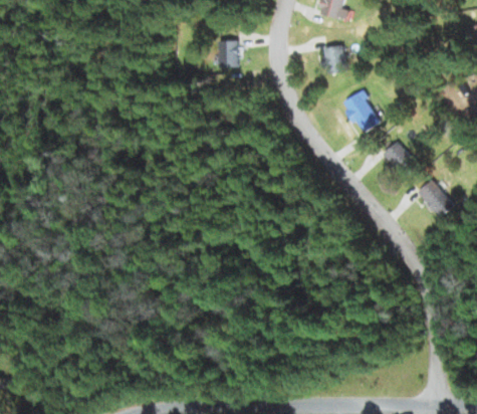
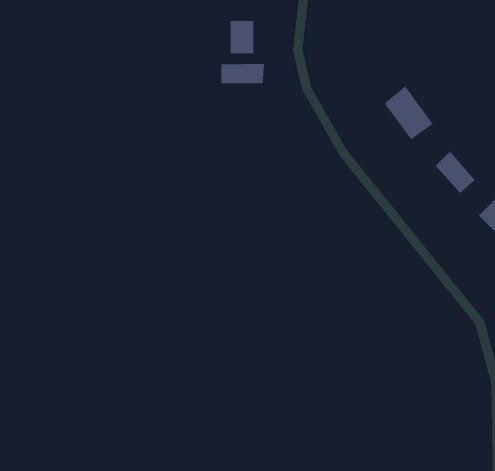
building: [324,46,345,72] -> none
building: none -> [221,63,264,84]

